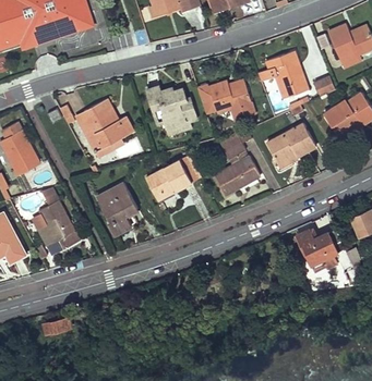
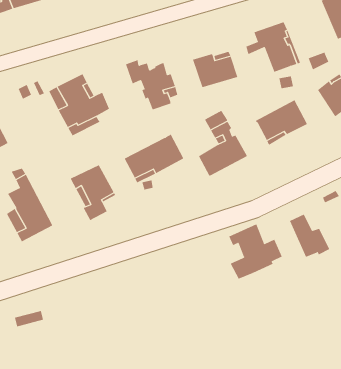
building: none -> [229,223,282,280]

